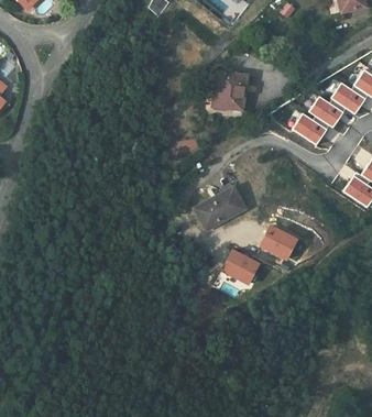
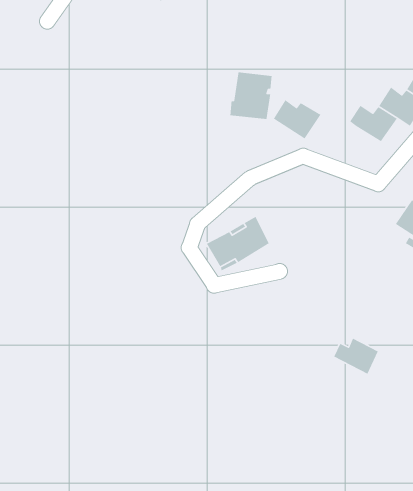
building: [291,113,329,145] -> [273,99,321,140]
building: [258,230,294,260] -> [333,337,379,375]
building: [226,251,258,283] -> none

